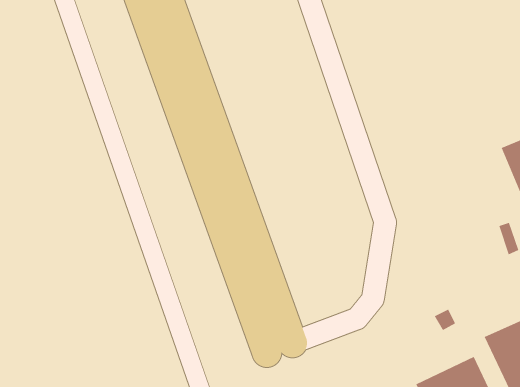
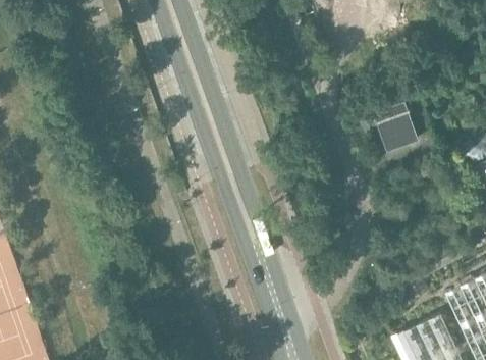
building: none -> [372,102,418,152]

